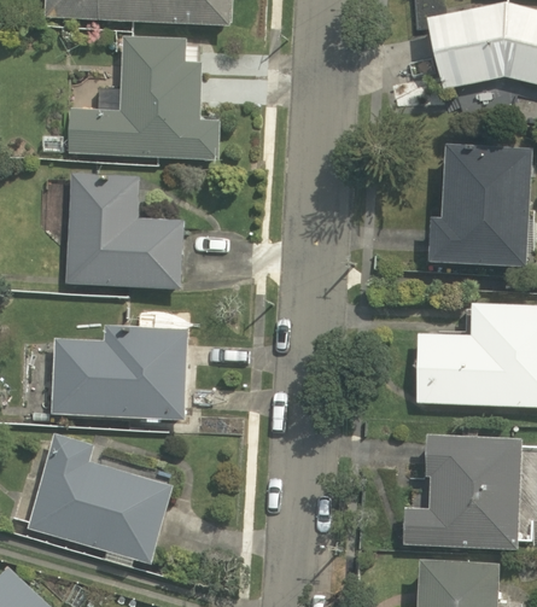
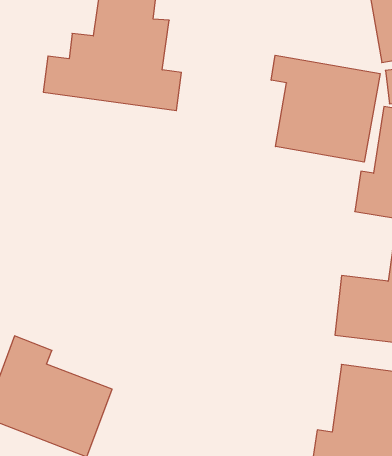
building: none -> [271,55,380,162]
building: [62,170,186,296] -> none
building: [47,321,192,420] -> none

